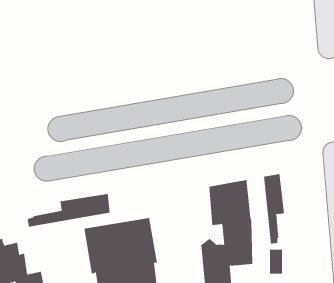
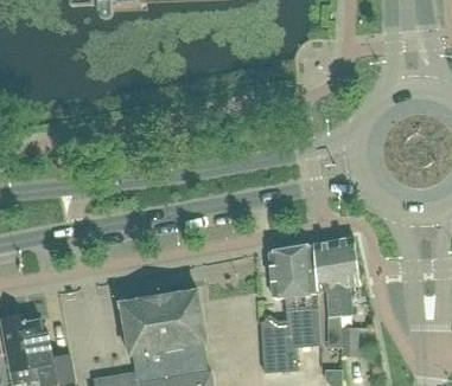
building: none -> [314,240,342,322]
building: [27,193,110,228] -> none

